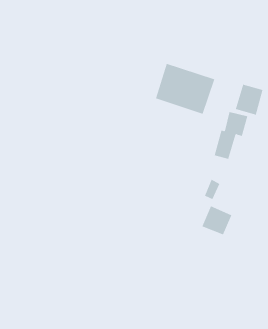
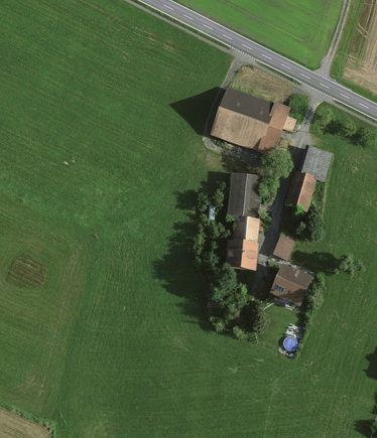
building: [235,84,263,115] -> none
building: none -> [225,176,259,267]

